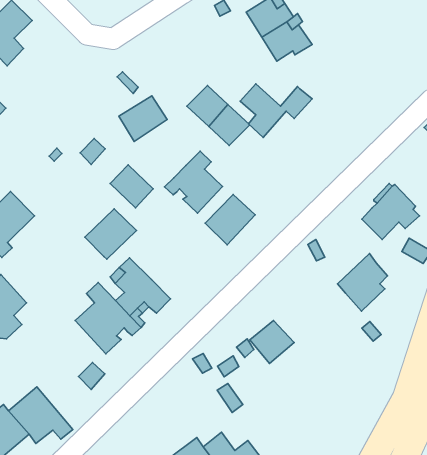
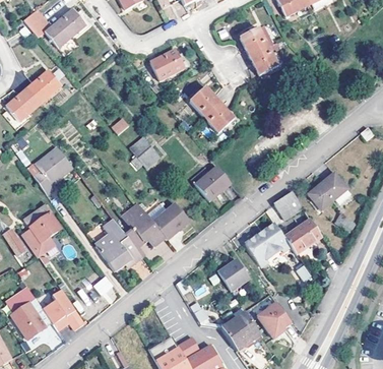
building: [240,84,312,137] -> none
building: [119,96,167,142] -> [149,48,184,79]
building: [165,151,223,213] -> none
building: [85,209,136,259] -> [151,202,189,238]
building: none -> [275,191,302,219]
building: none -> [244,222,290,265]
building: none -> [255,301,290,336]
building: none -> [221,310,260,349]

